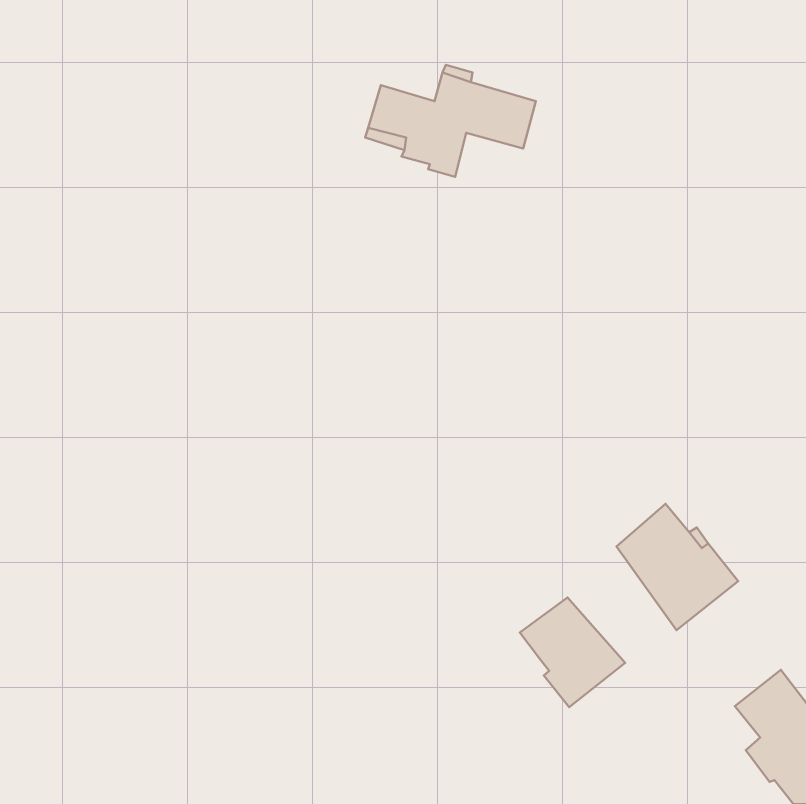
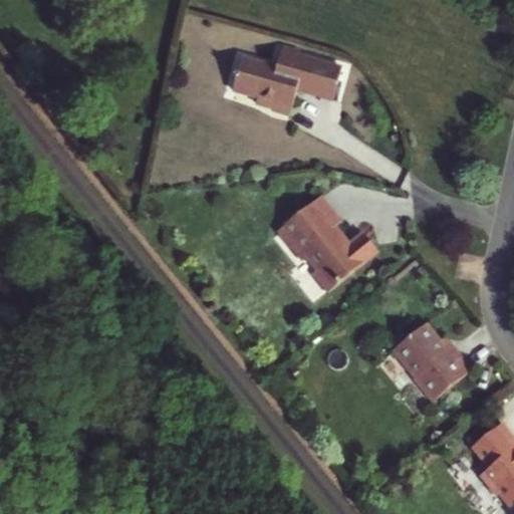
building: none -> [275,198,375,294]
building: [520,598,625,707] -> none

